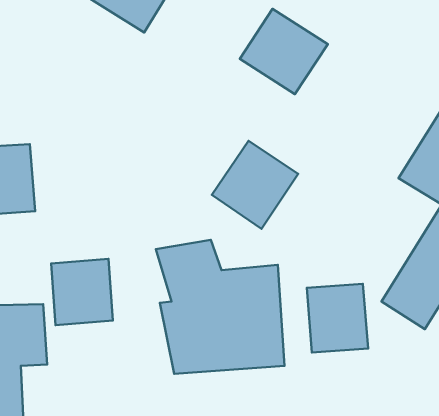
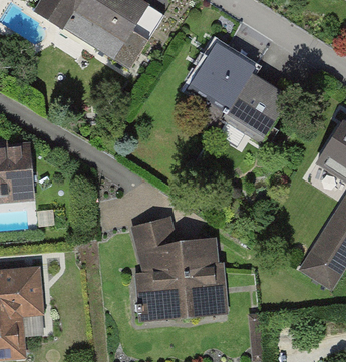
building: [212,141,298,229] -> [228,76,294,143]
building: [51,259,113,325] -> none
building: [307,284,368,353] -> none

